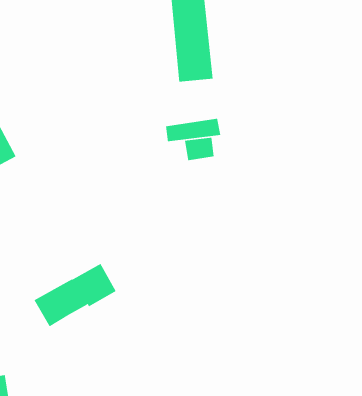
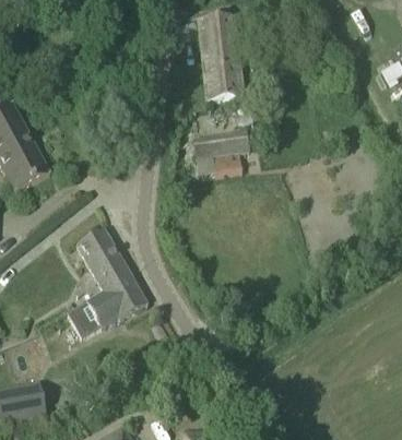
building: none -> [76,226,132,289]

